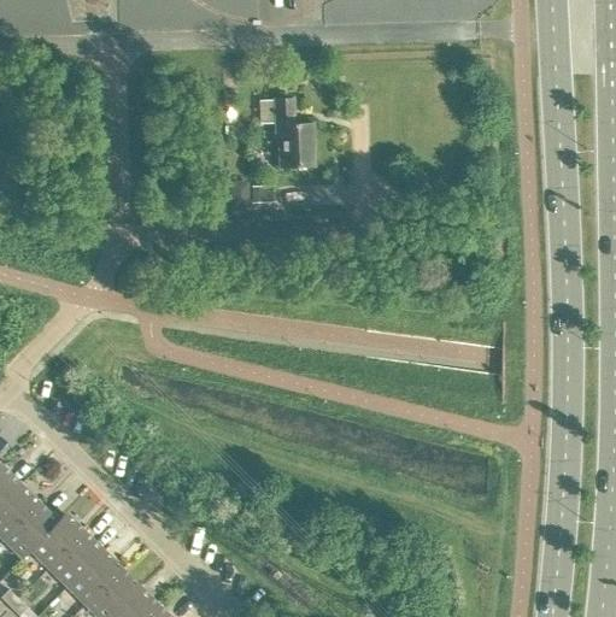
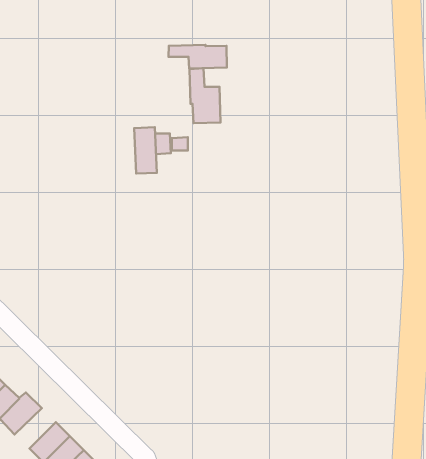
building: none -> [169,45,227,69]
building: none -> [134,127,157,174]
building: [49,536,102,588] -> none

